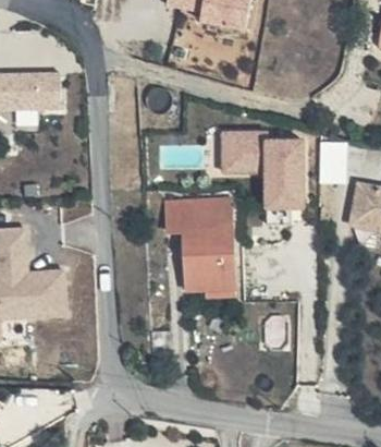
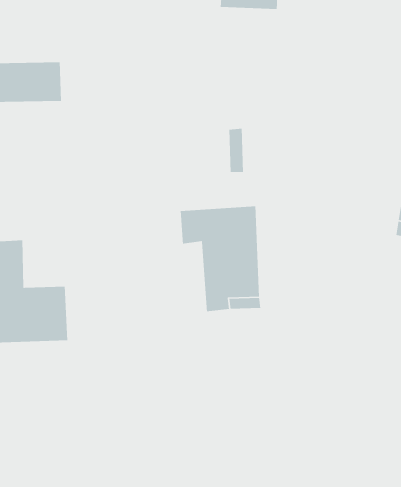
building: [222,132,304,225] -> none
building: [320,142,345,182] -> none

